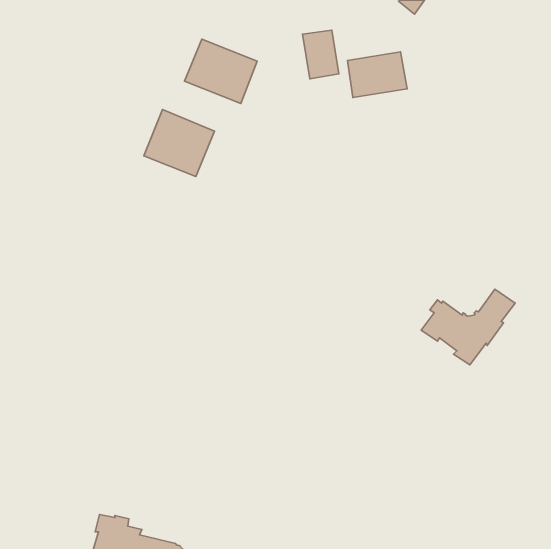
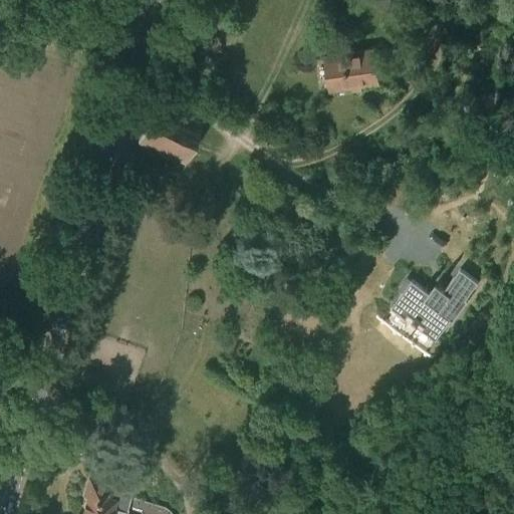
building: [303,30,339,79] -> none
building: [184,39,257,104] -> none

